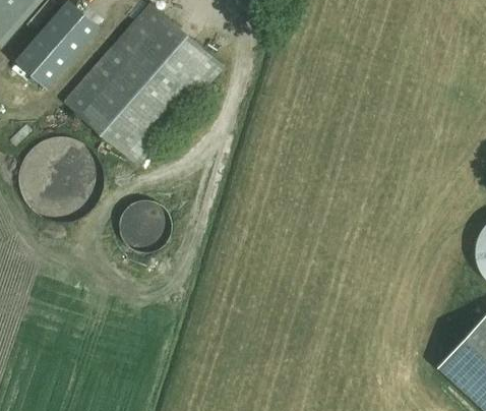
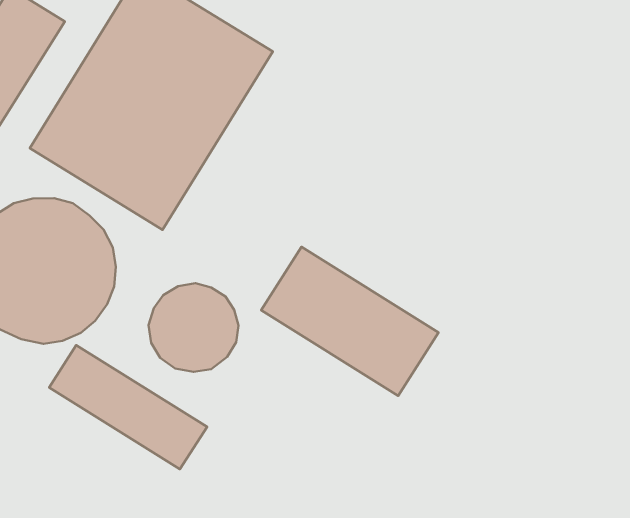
building: none -> [261,247,438,396]
building: none -> [49,345,207,469]

